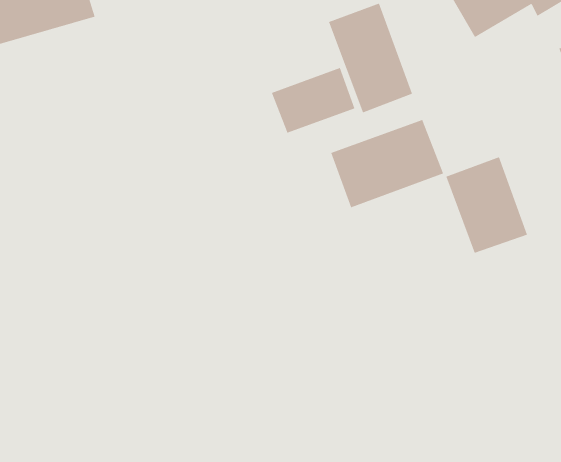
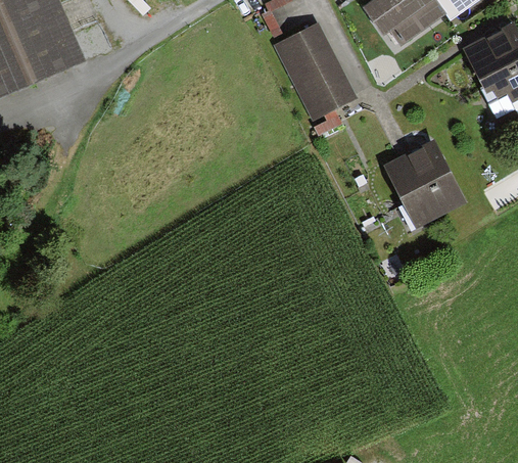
building: [271,67,355,133] -> none
building: [331,119,444,208] -> none

